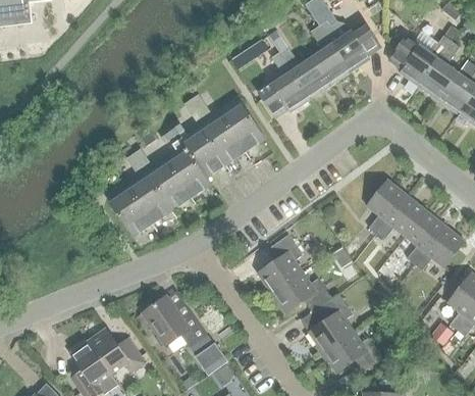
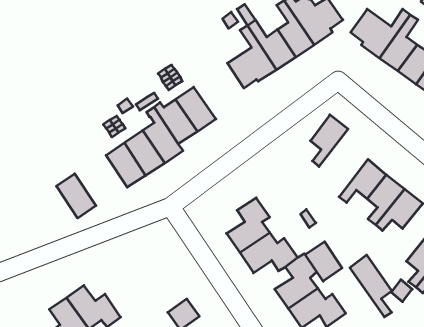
building: [222,104,265,151] -> none
building: [367,179,407,234] -> [310,115,348,167]
building: [110,190,152,237] -> [56,174,96,218]
building: none -> [305,242,342,281]
building: none -> [350,255,392,317]
building: [143,296,208,348] -> none

